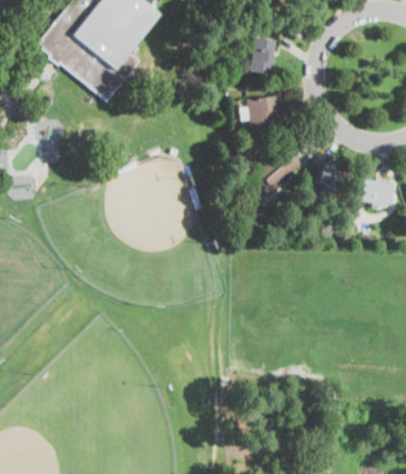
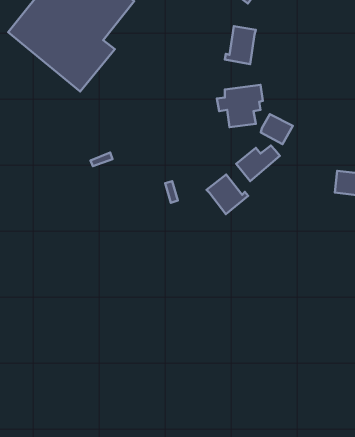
building: [316,163,347,192] -> [261,114,293,144]
building: none -> [206,174,248,214]

